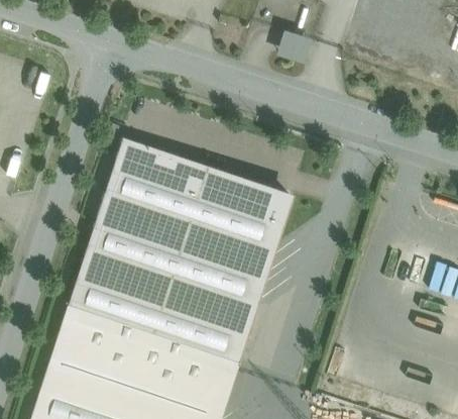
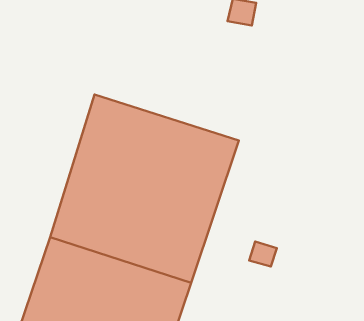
building: none -> [249,241,277,266]

